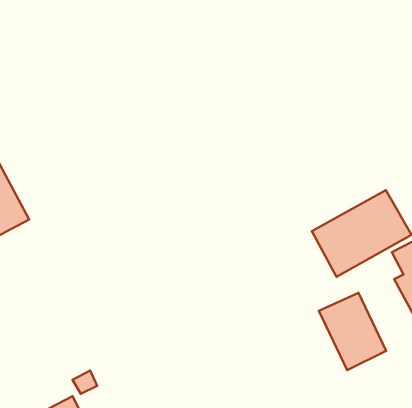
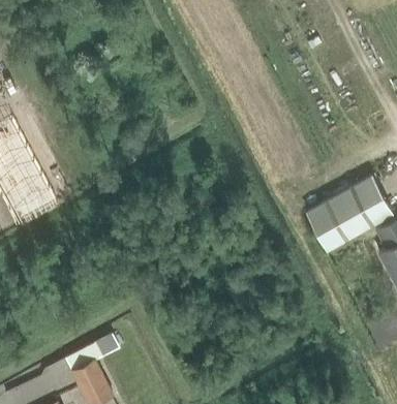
building: [319,293,386,370] -> none

